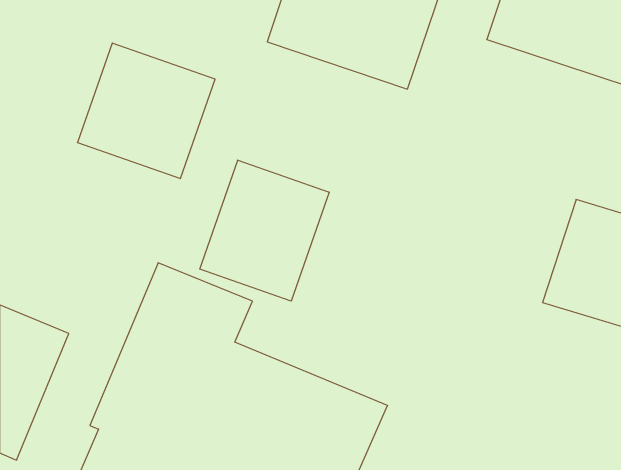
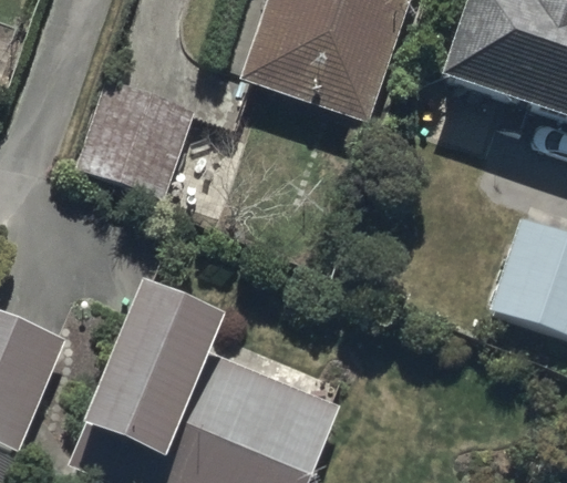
building: [200,160,329,301] -> none

